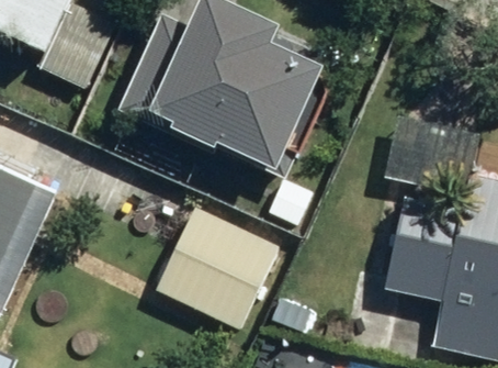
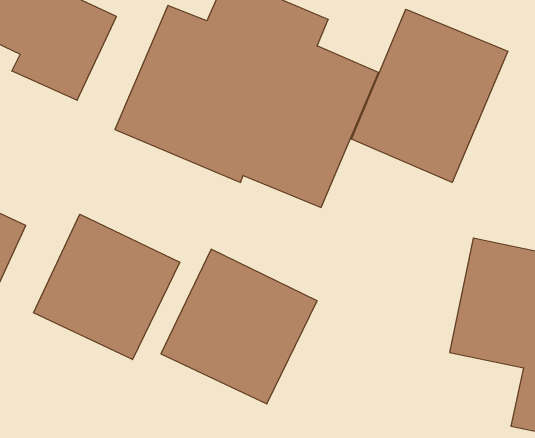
building: none -> [352,9,508,182]
building: none -> [33,214,180,360]

